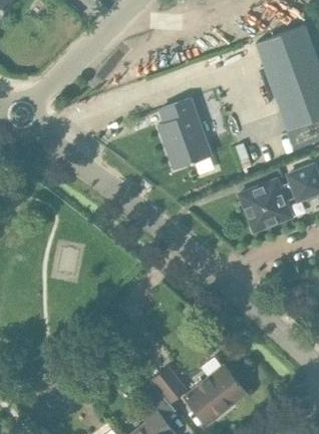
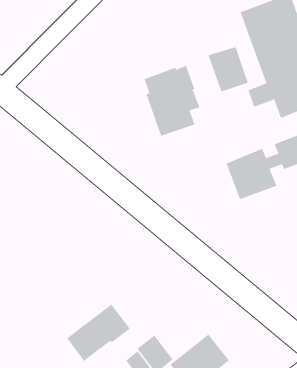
building: none -> [204,45,249,92]
building: none -> [66,304,131,363]

